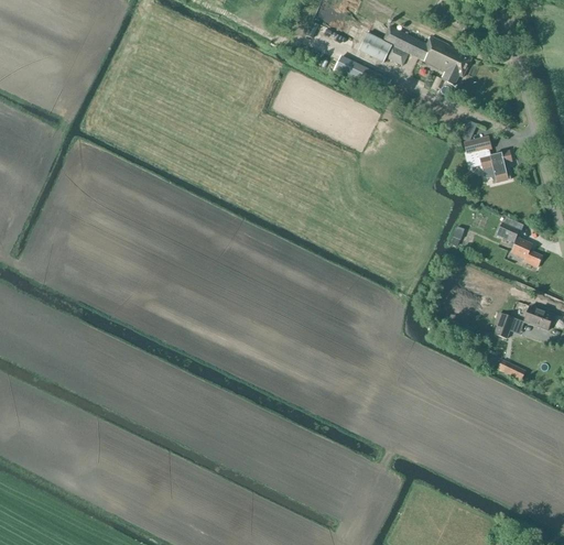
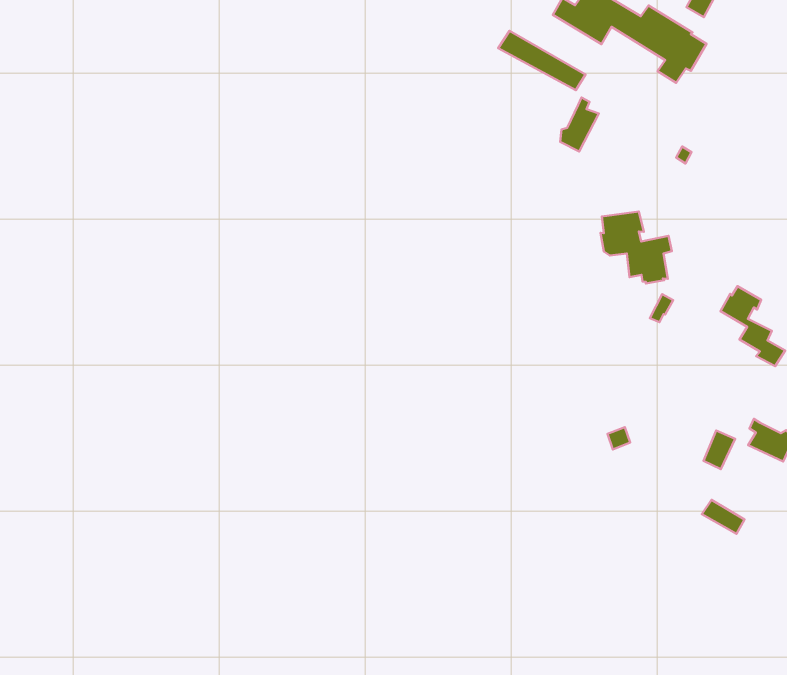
building: none -> [560,97,599,152]
building: [463,137,511,184] -> [600,211,672,284]

